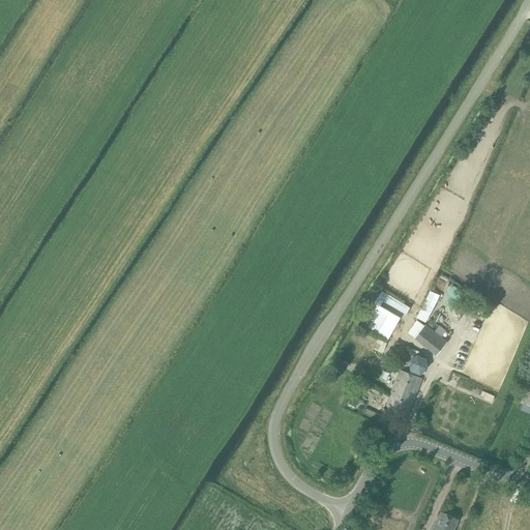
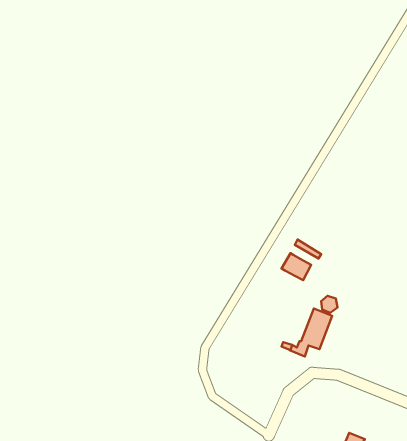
building: [408,319,447,354] -> none

